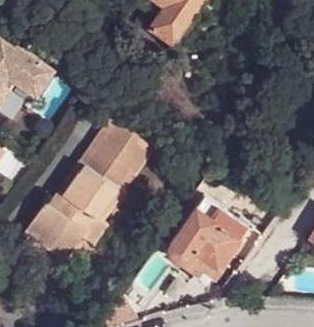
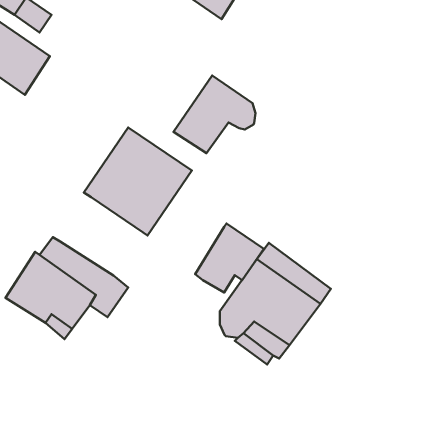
building: none -> [173,76,255,153]
building: [61,166,118,219] -> none
building: none -> [195,223,264,293]

